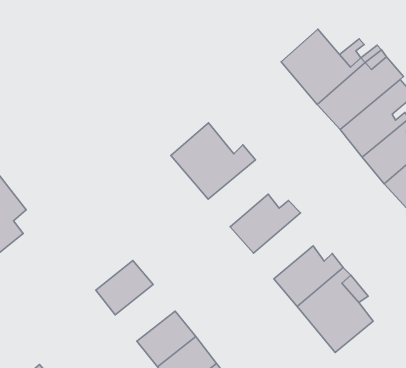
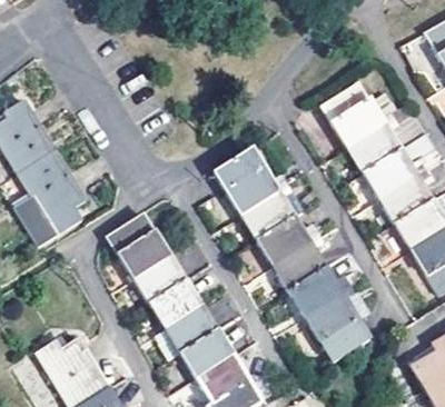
building: none -> [241,187,303,241]
building: none -> [274,238,326,291]
building: none -> [108,214,169,279]
building: none -> [147,281,199,328]

